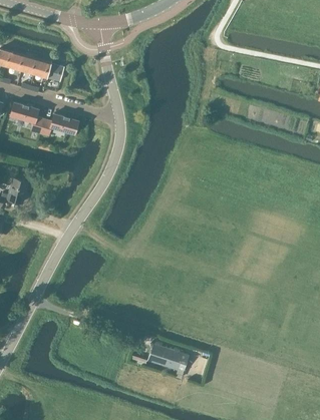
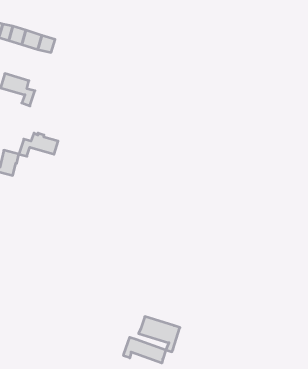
building: [39,113,78,136] -> [19,133,58,156]
building: none -> [124,337,166,363]

